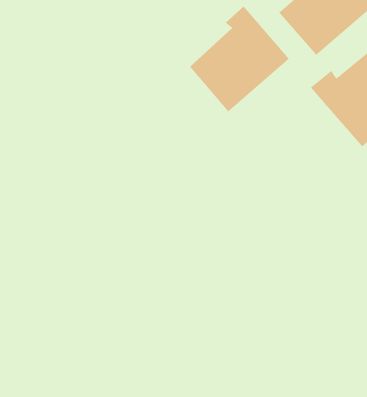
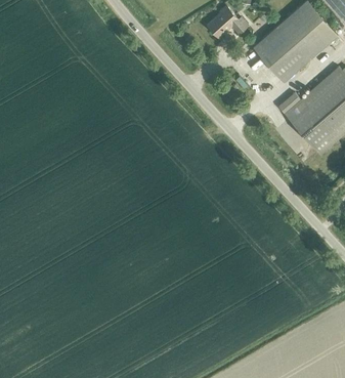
building: [189,5,290,112] -> none

